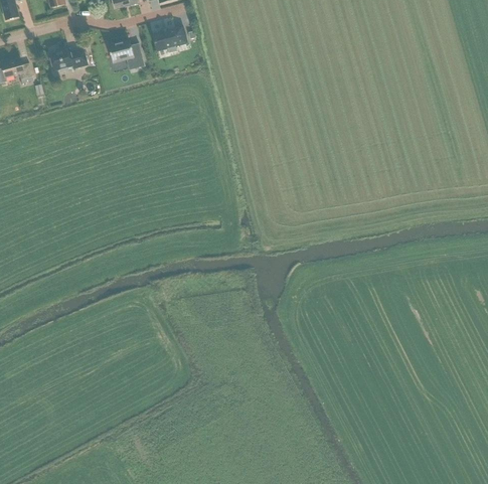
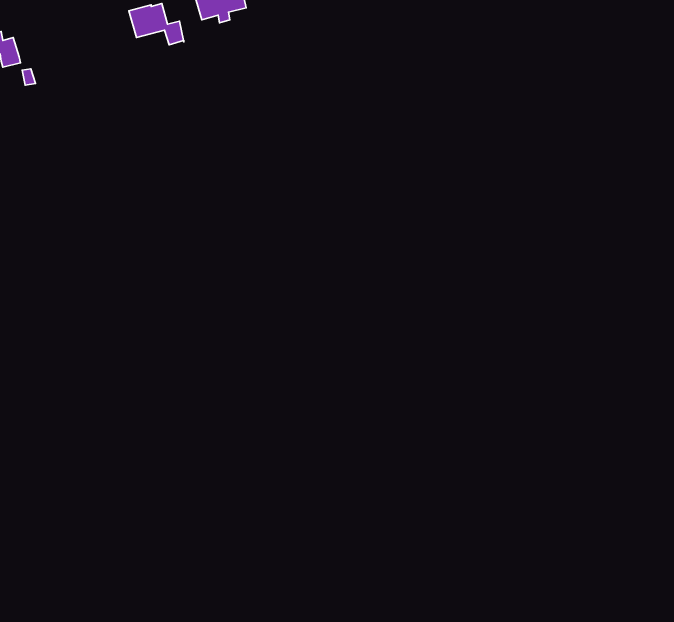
building: [48,47,88,70] -> none

